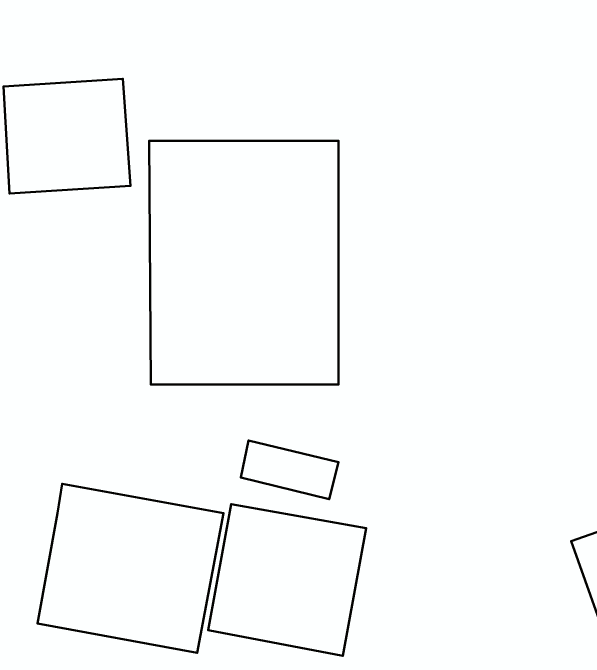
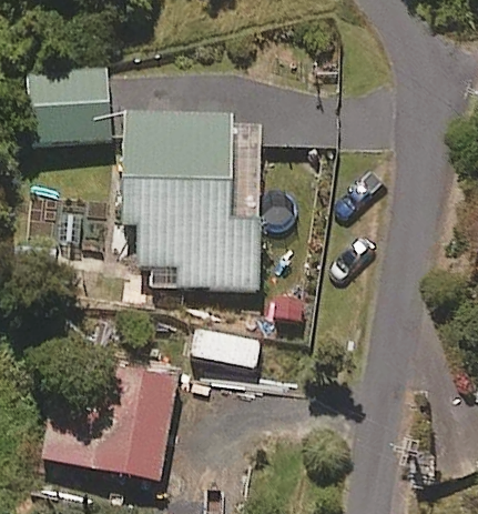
building: [208,504,366,656] -> none

